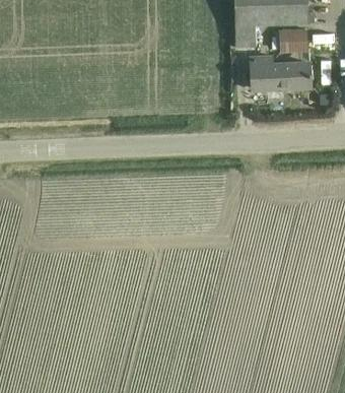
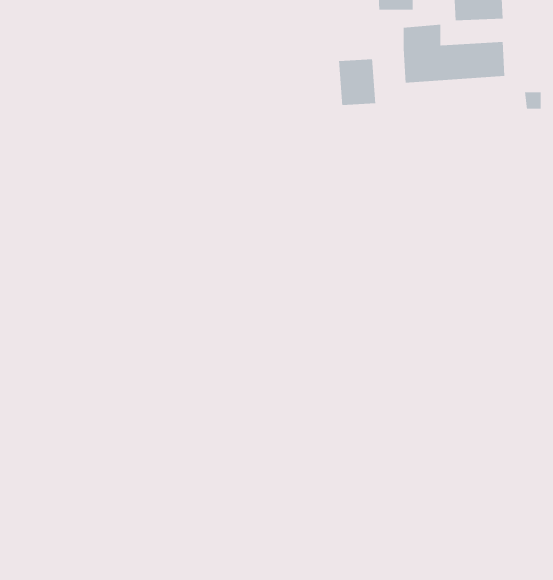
building: none -> [339,59,376,106]

